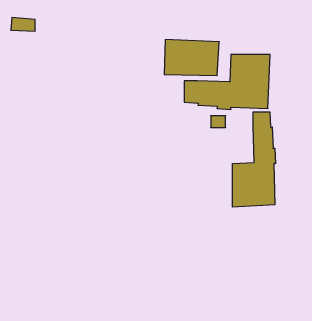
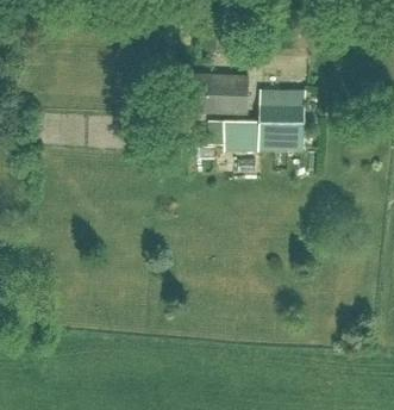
building: [233,112,276,207] -> none

